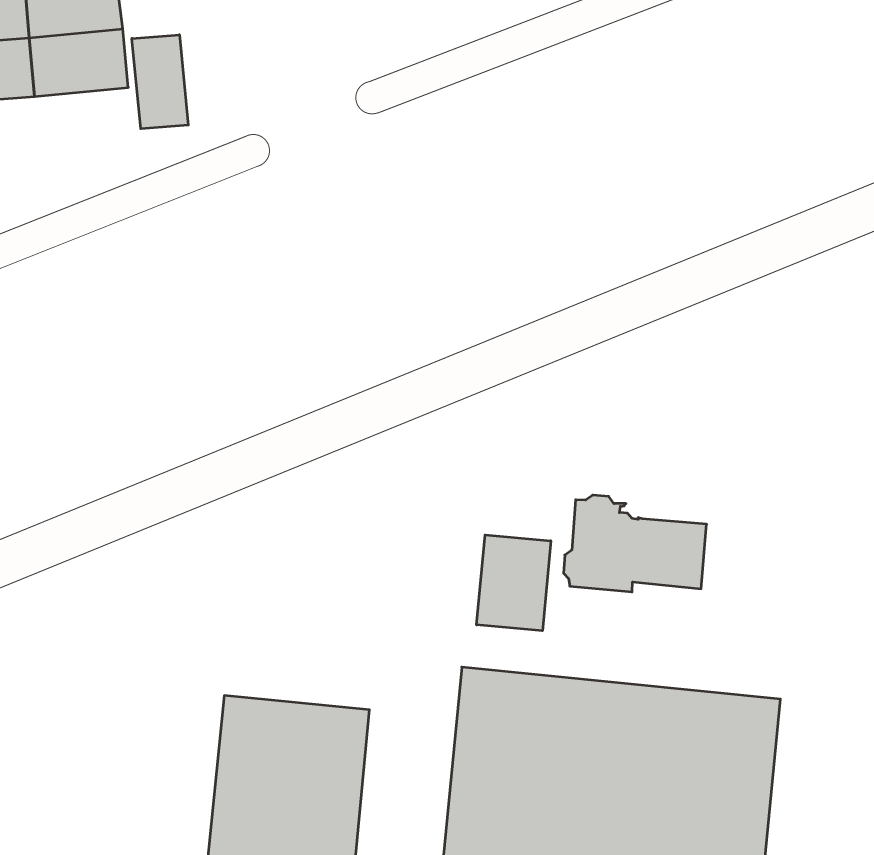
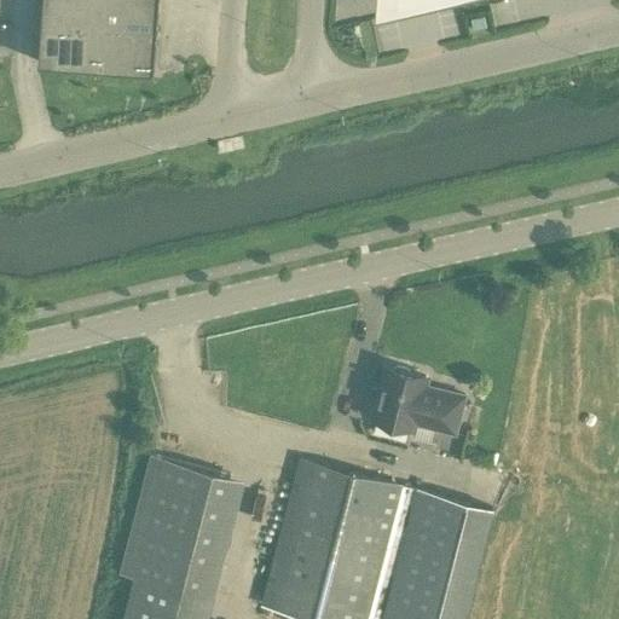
building: [132,35,188,129] -> none
building: [477,535,551,631] -> none

